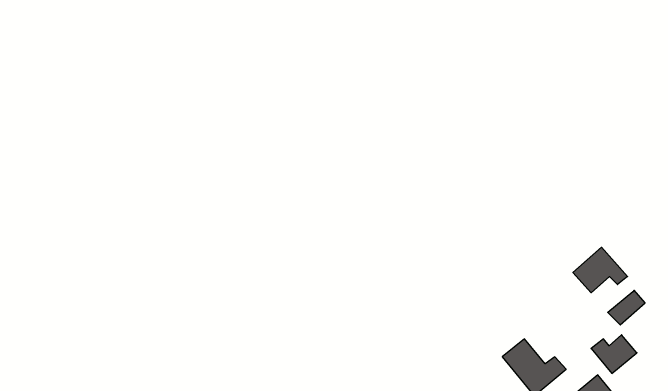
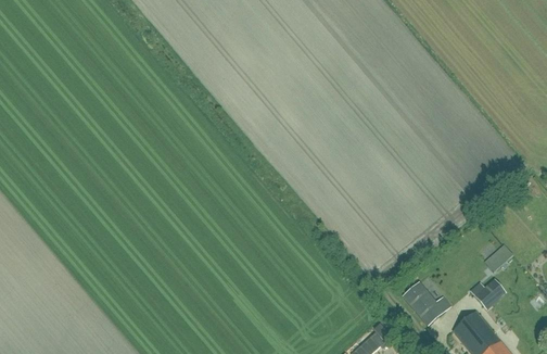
building: [573,247,628,293] -> none

